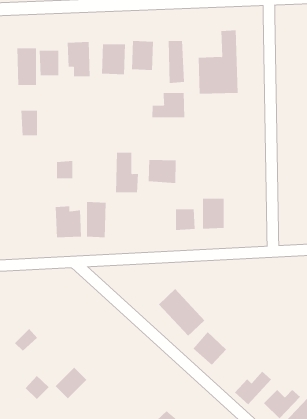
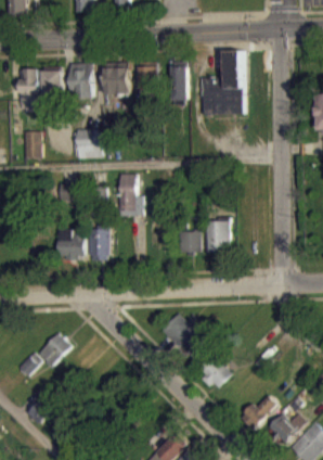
building: [152,92,185,118] -> none
building: none -> [73,128,100,157]
building: [148,159,176,184] -> none
building: [55,367,87,399] -> [37,333,69,366]

